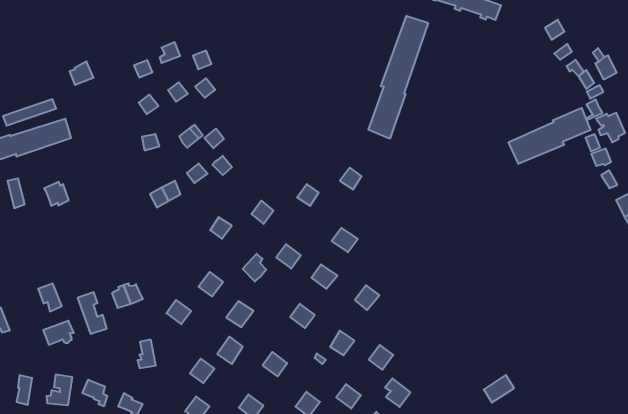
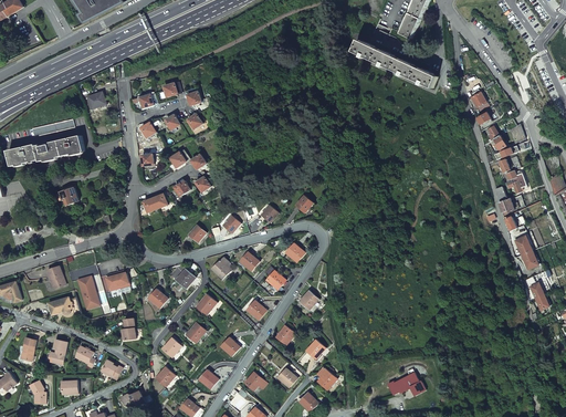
building: [368,16,428,139] -> none
building: [509,108,591,164] -> none

